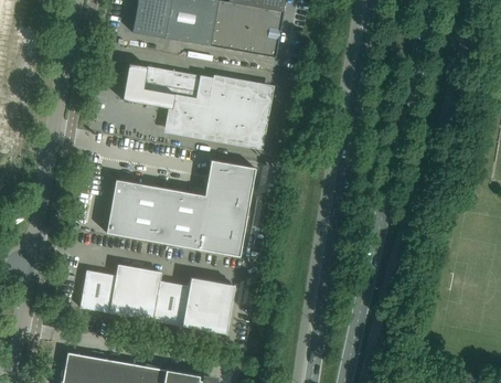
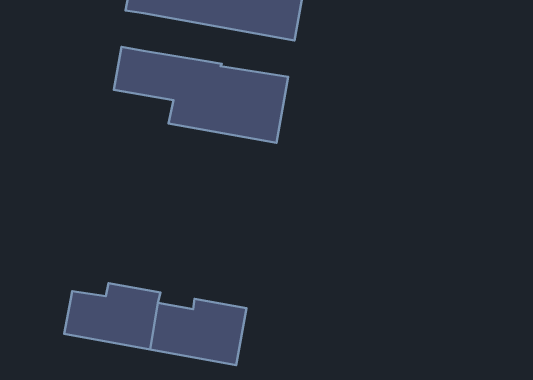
building: [105,160,255,256] -> none

